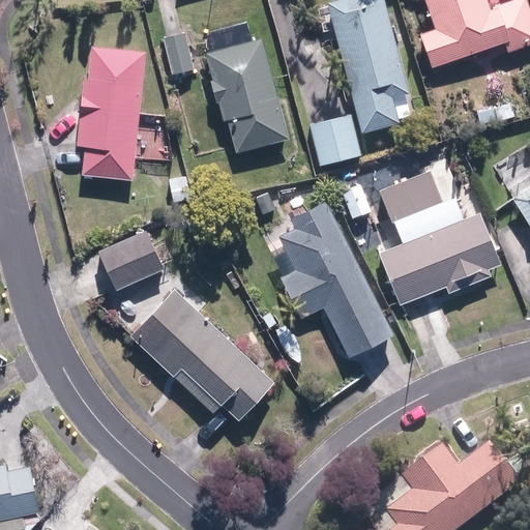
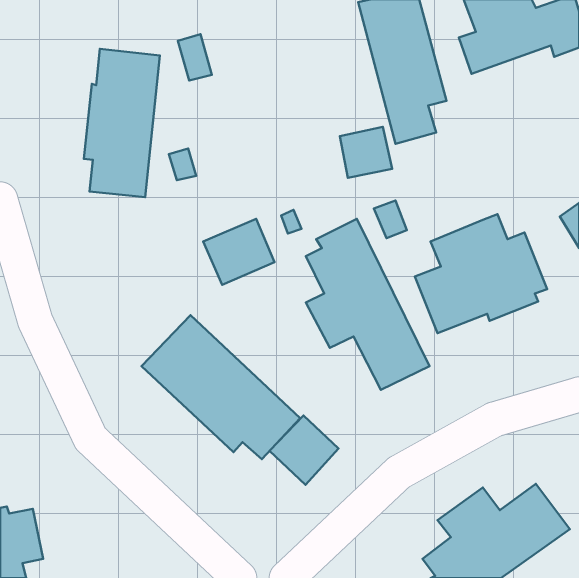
building: [204,37,289,153] -> none
building: [379,170,441,222] -> none
building: [98,230,164,290] -> [203,219,274,285]
building: none -> [269,415,338,485]

